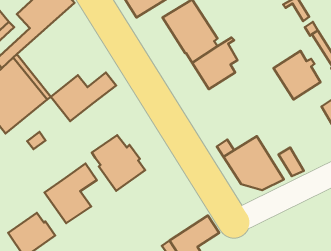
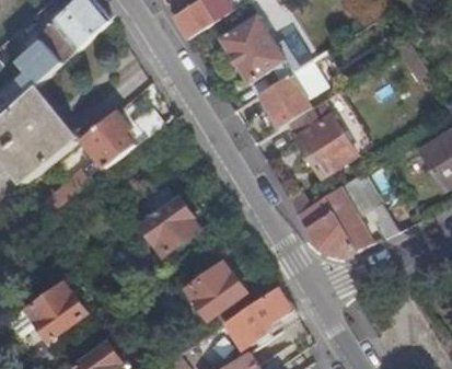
building: [273,51,321,100] -> [297,115,356,176]
building: [44,163,97,223] -> none
building: none -> [186,264,245,320]

